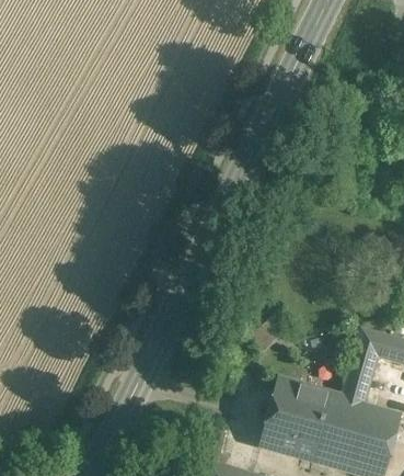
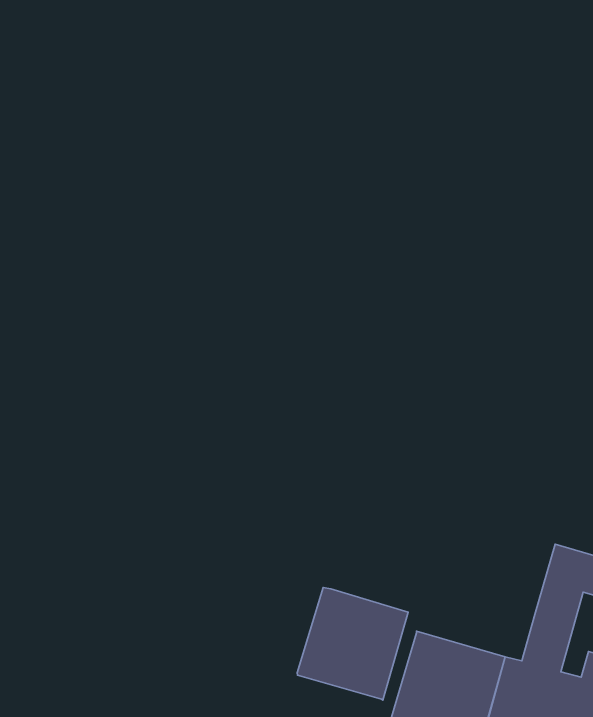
building: none -> [297,587,408,700]

